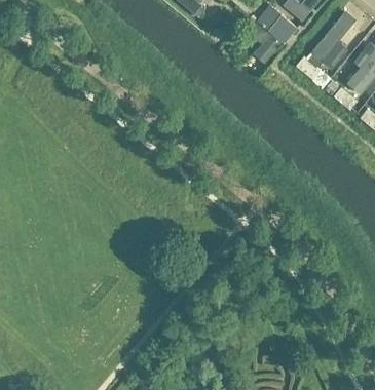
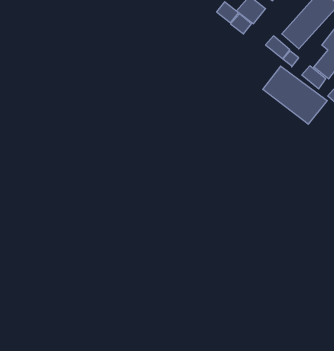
building: none -> [263,66,327,124]

